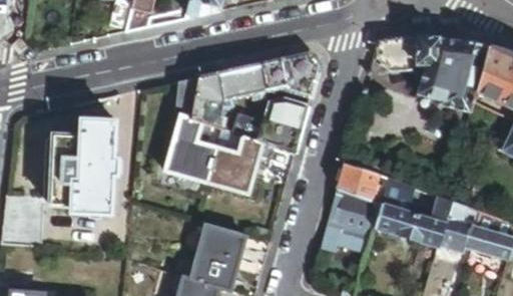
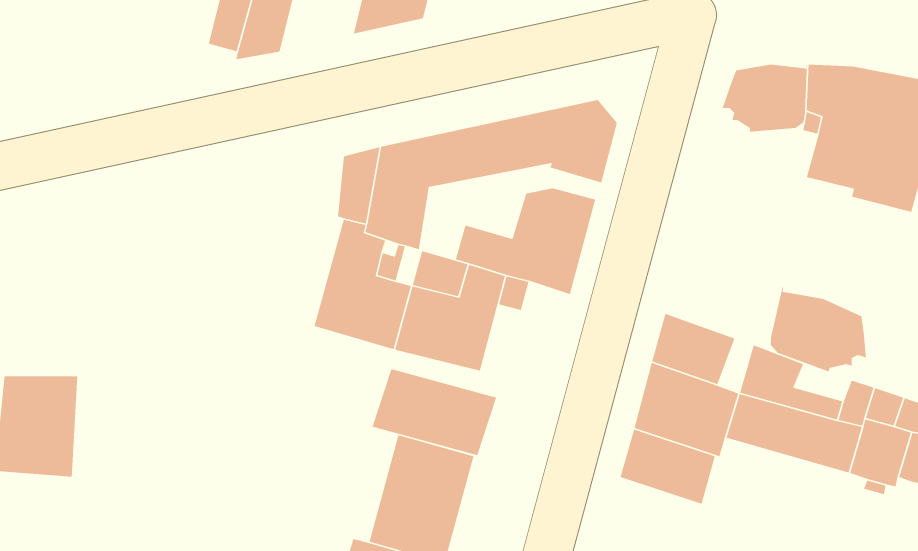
building: [48,117,117,213] -> none
building: none -> [770,287,867,372]
building: none -> [371,368,497,456]

